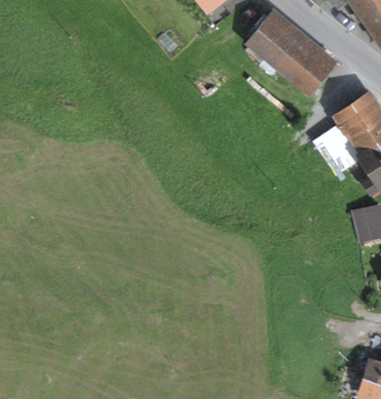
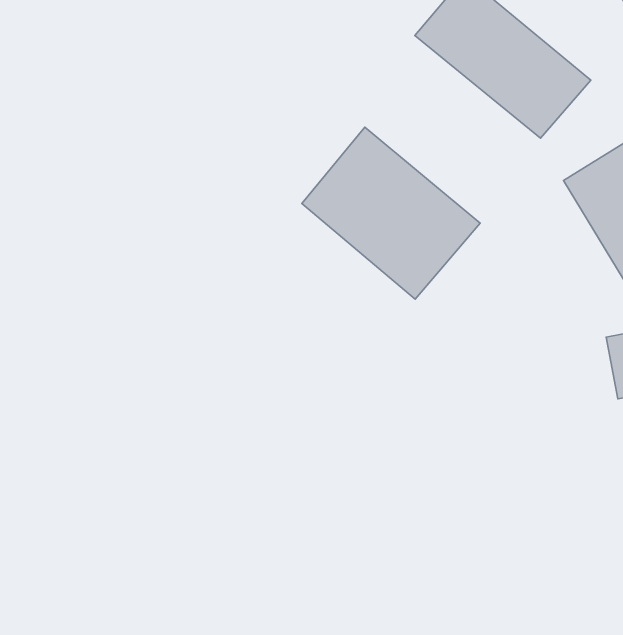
building: none -> [302,127,480,299]

